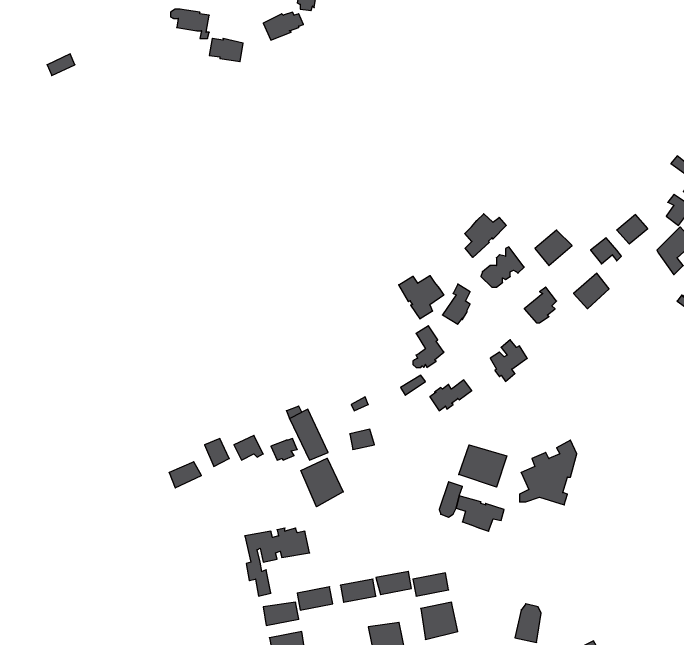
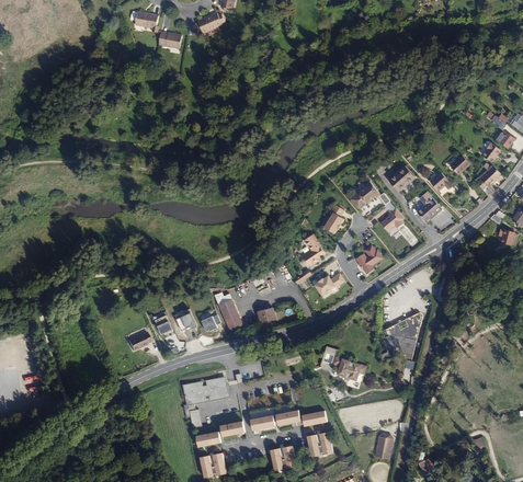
building: [465,214,506,257] -> none
building: [399,276,444,319] -> none
building: [459,445,507,487] -> none
building: [301,458,343,507] -> none

